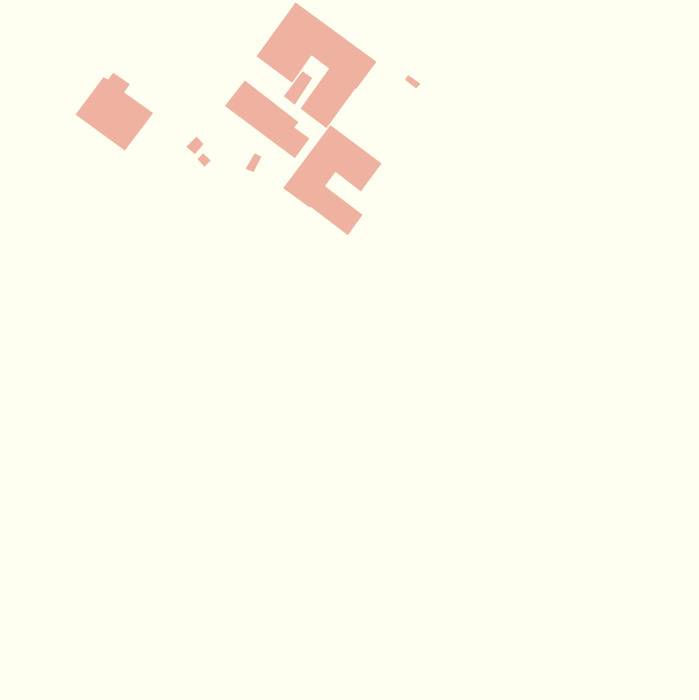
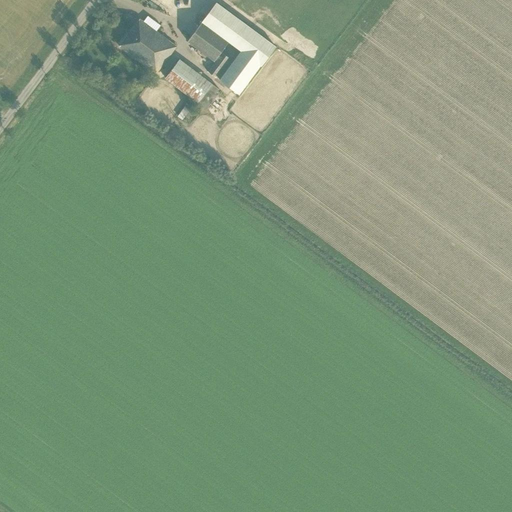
building: [74,72,154,151] -> [118,15,176,73]
building: [282,124,383,236] -> none

